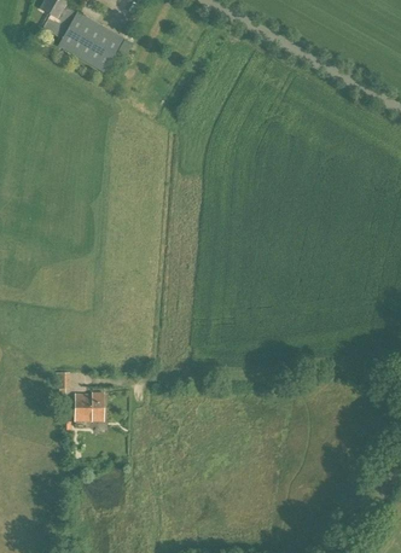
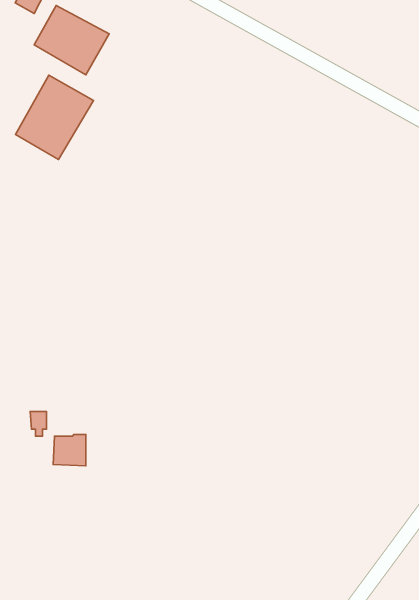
building: none -> [16,75,94,160]

